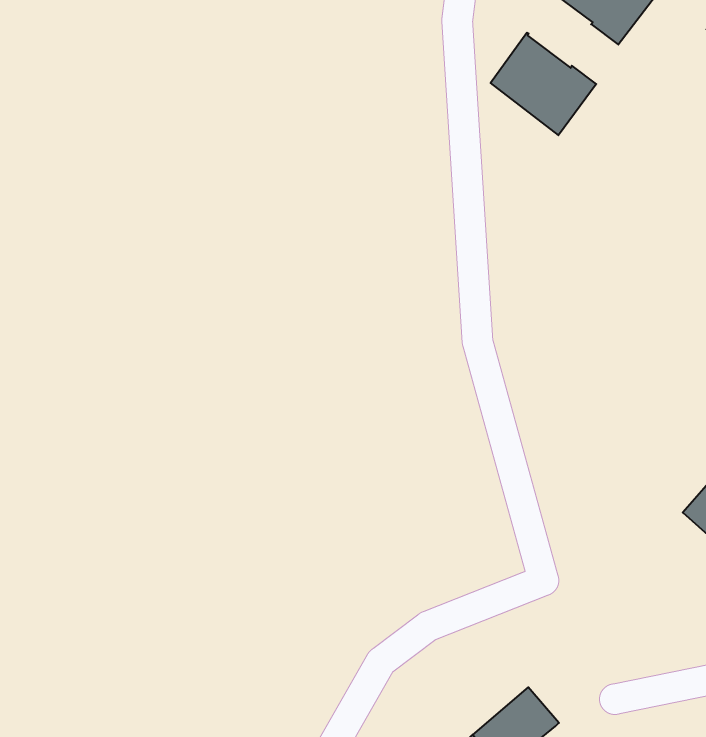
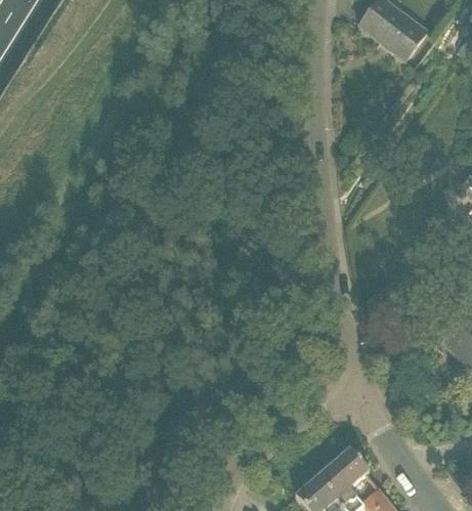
building: [491,33,596,135] -> none

